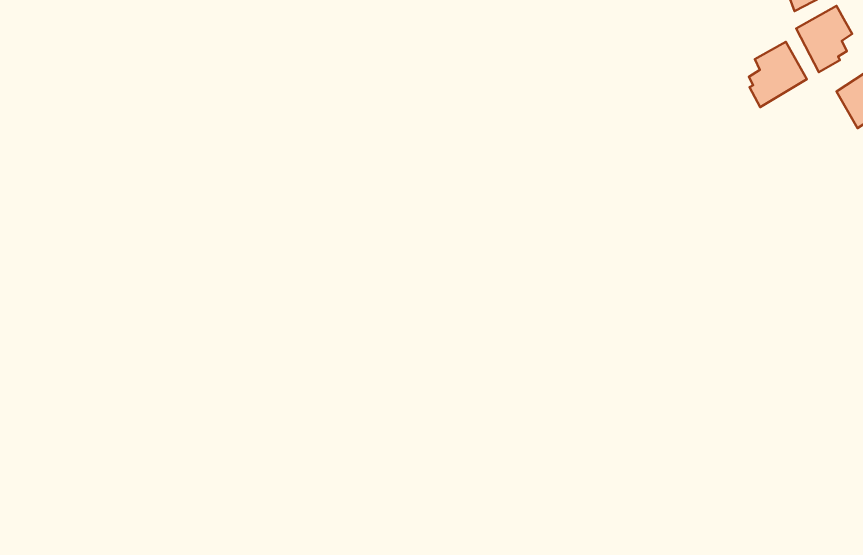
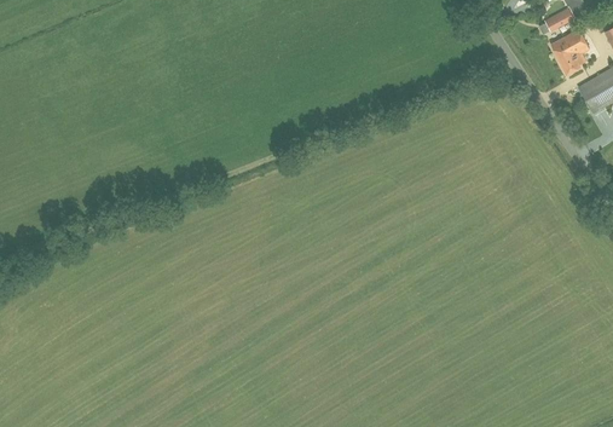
building: [749,42,807,107] -> none

